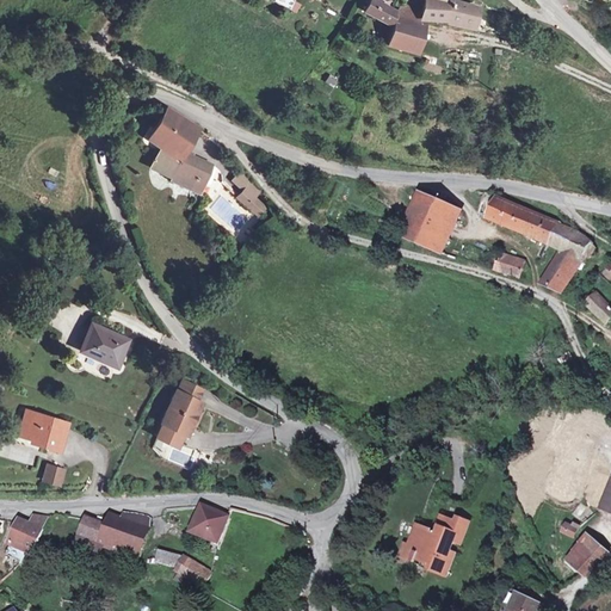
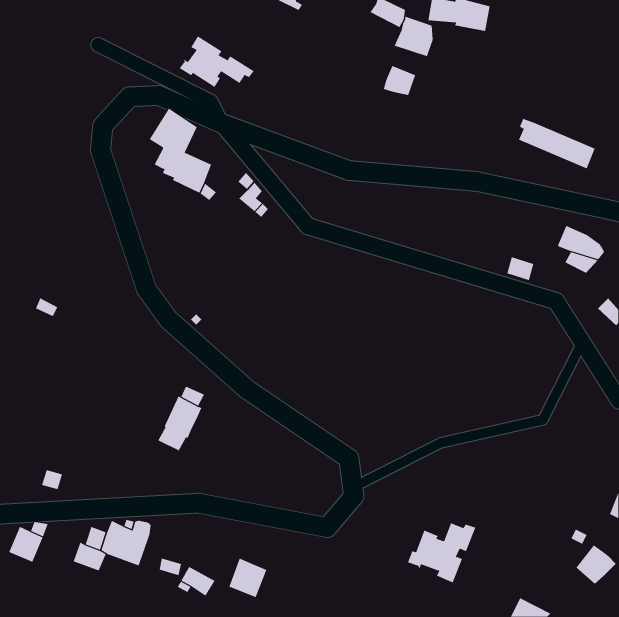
building: none -> [179,36,255,88]
building: none -> [383,65,416,96]
building: [395,187,462,254] -> none
building: [481,192,557,242] -> [518,118,596,169]
building: [543,259,578,292] -> none
building: [79,323,126,365] -> none
building: [18,411,66,449] -> none
building: [191,505,229,544] -> [228,558,267,598]

